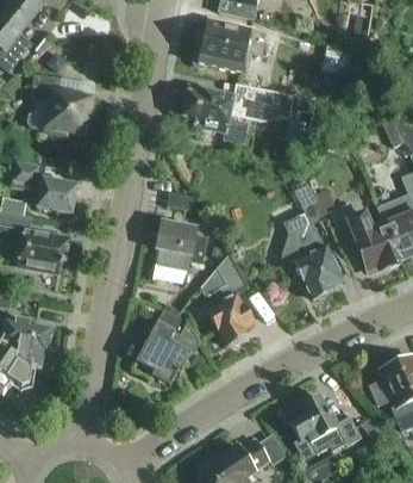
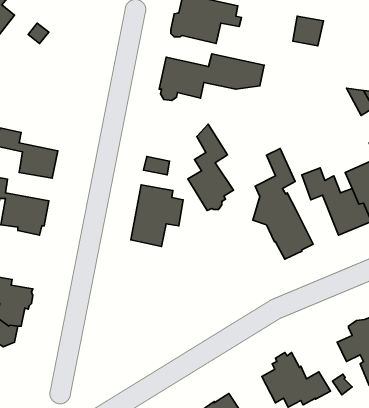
building: [27,74,93,135] -> none
building: [207,254,255,345] -> [188,124,233,211]
building: [132,308,201,385] -> none

